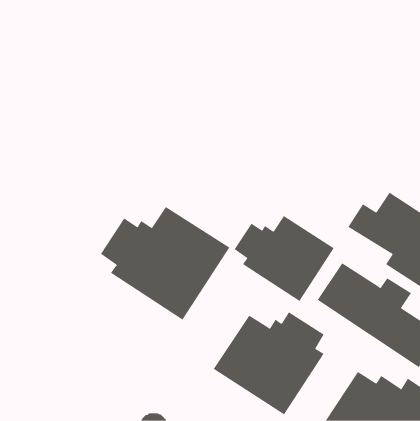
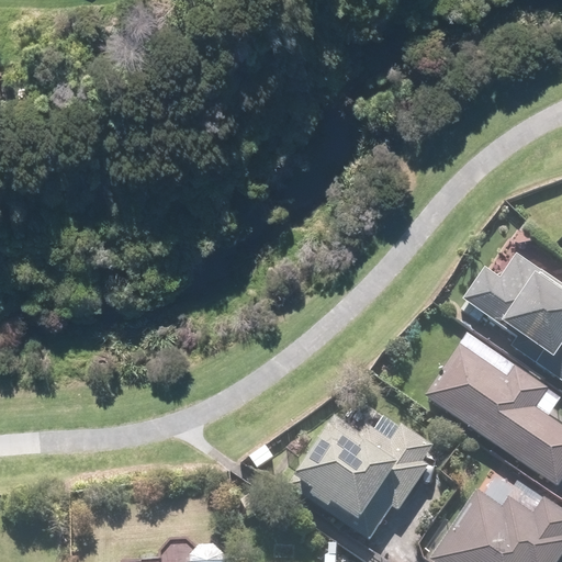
building: [100,206,230,320] -> none
building: [234,215,335,302] -> none

